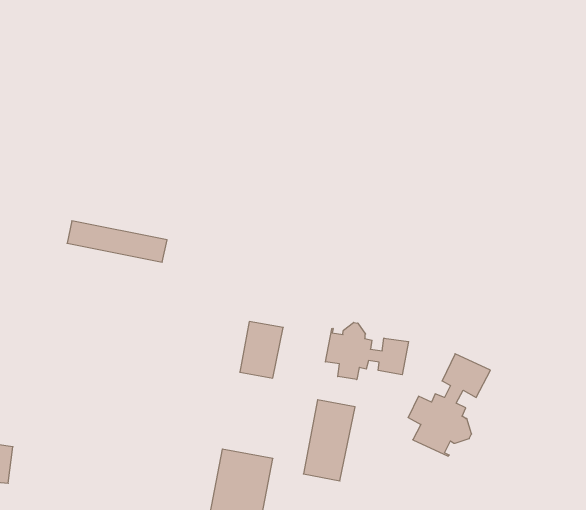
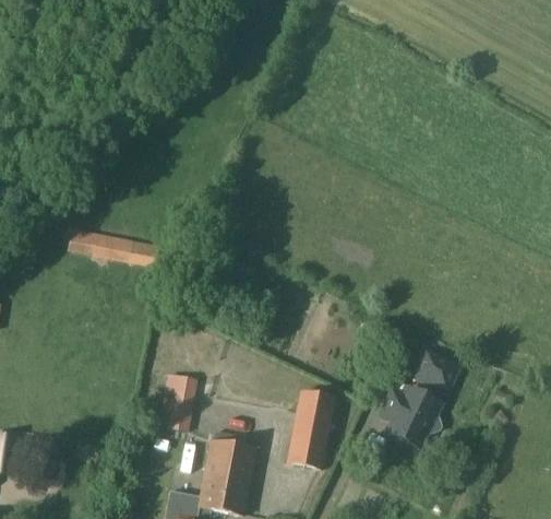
building: [240,322,283,378] -> [157,376,197,428]
building: [325,322,409,380] -> none

